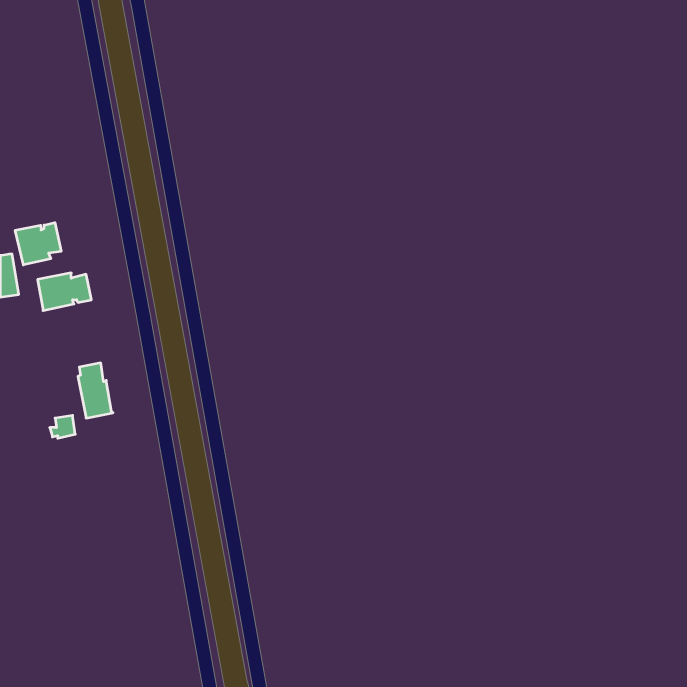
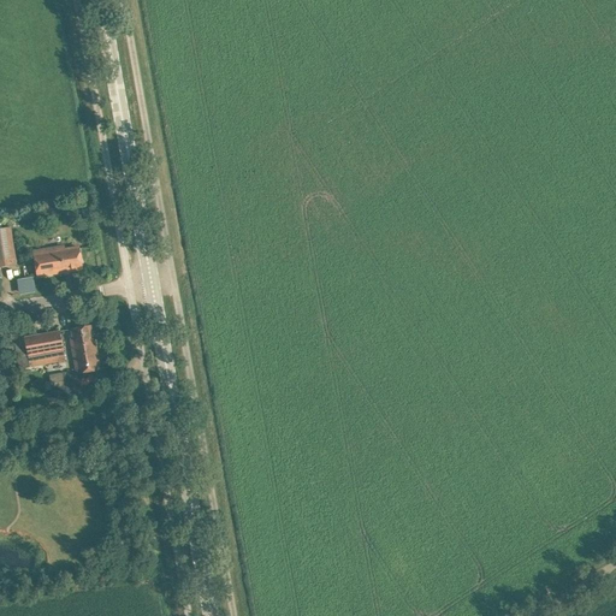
building: [15,223,61,265] -> none
building: none -> [14,331,65,369]

